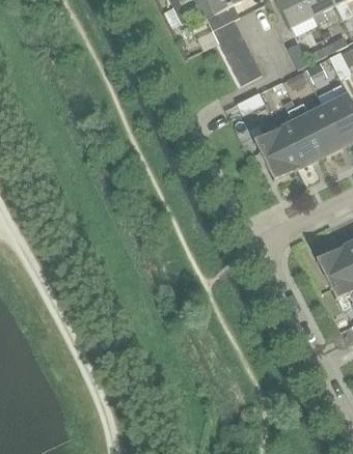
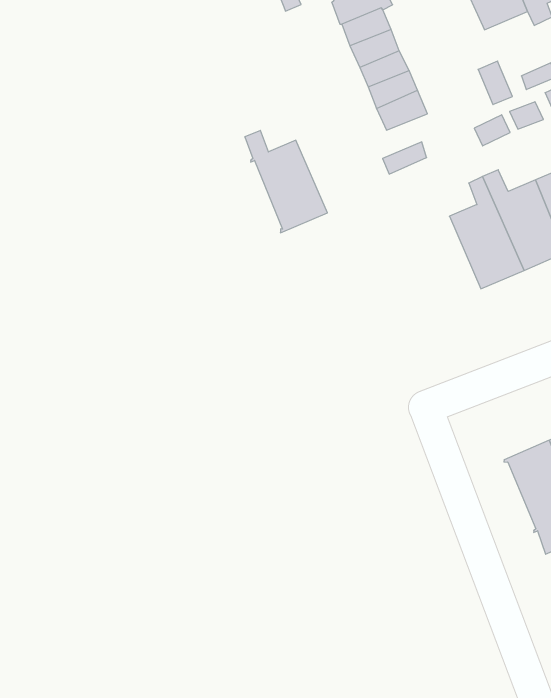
building: [250,124,298,179] -> [245,130,327,233]

